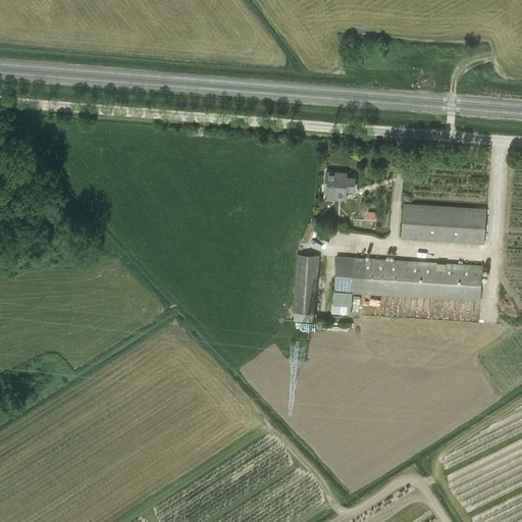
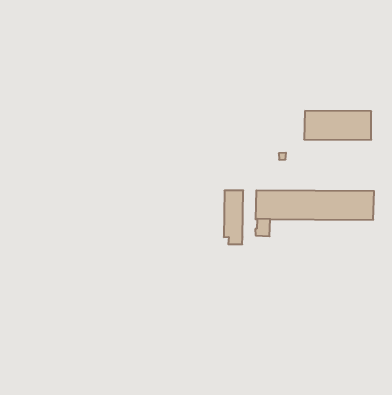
building: [325,171,354,199] -> none
building: [400,203,485,244] -> [304,111,371,140]

